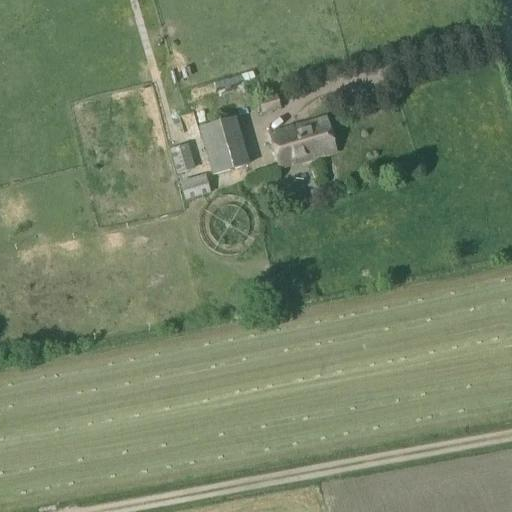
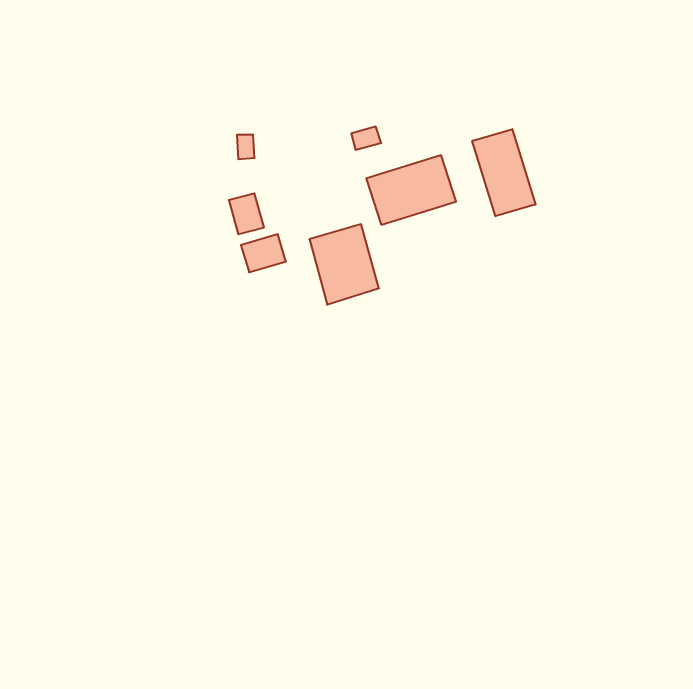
building: none -> [472,129,536,216]
building: [198,115,249,174] -> [309,224,379,305]

